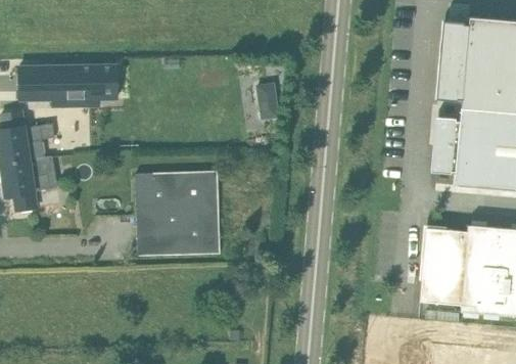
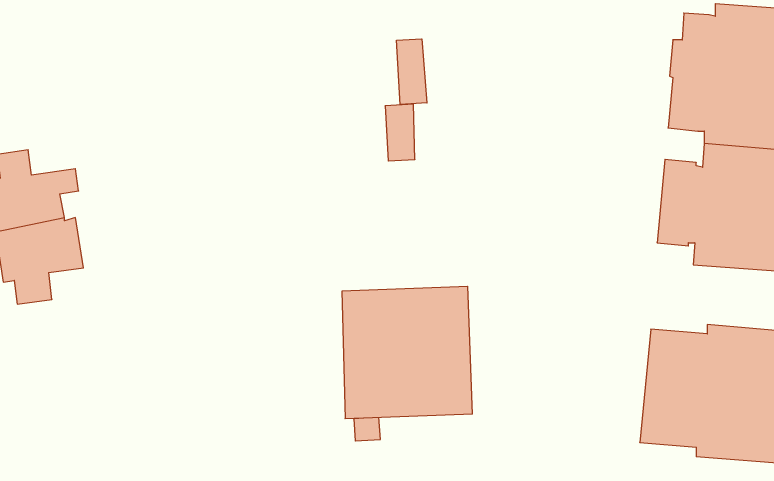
building: none -> [397,39,427,104]
building: [20,65,119,100] -> none
building: [137,171,222,257] -> [342,286,472,419]

